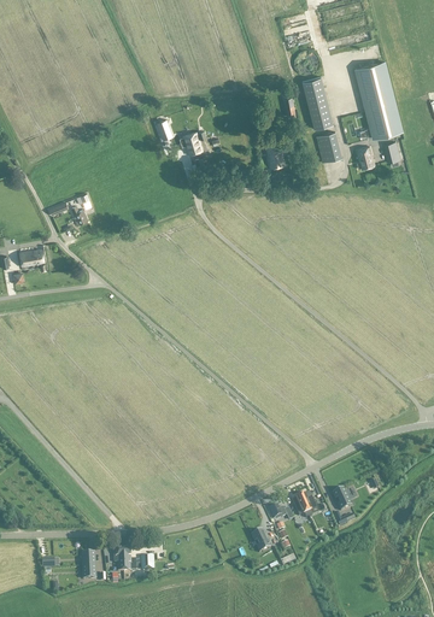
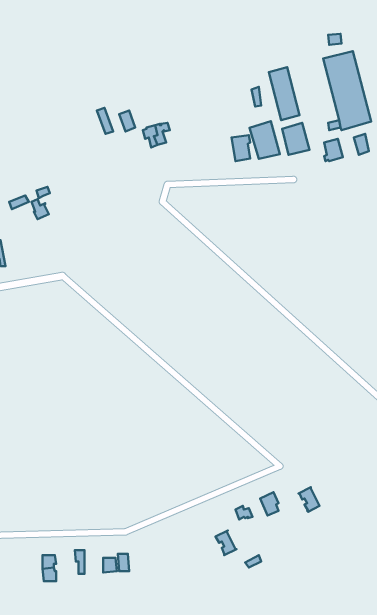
building: none -> [250,121,280,159]

